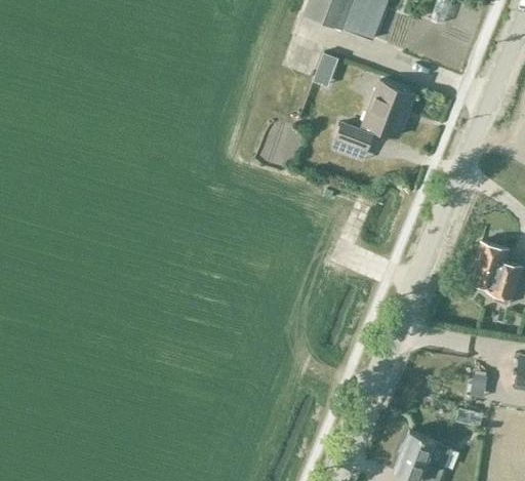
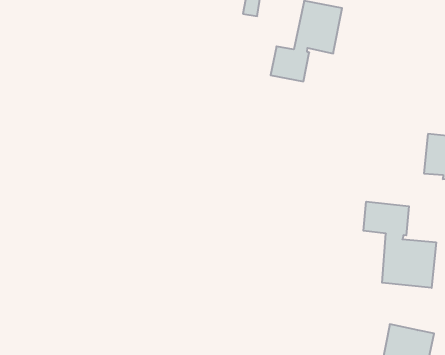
building: none -> [363,202,436,288]

